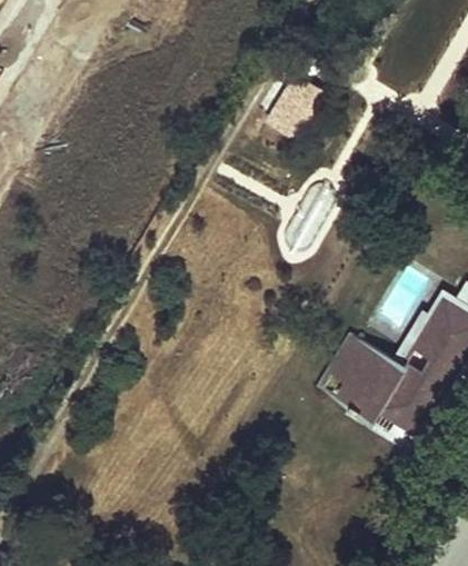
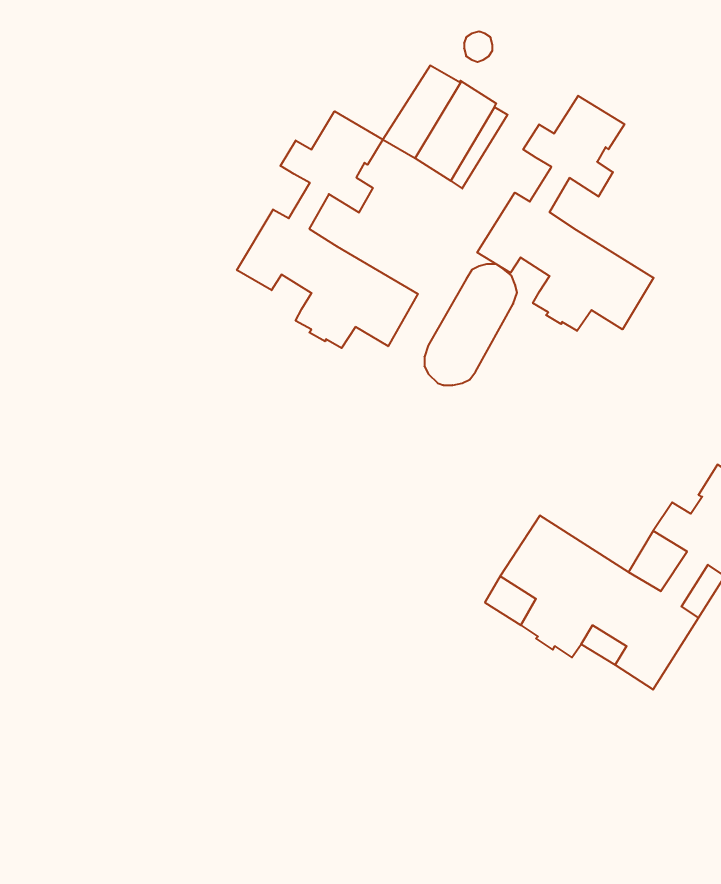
building: none -> [477,96,654,331]
building: none -> [237,111,418,348]

